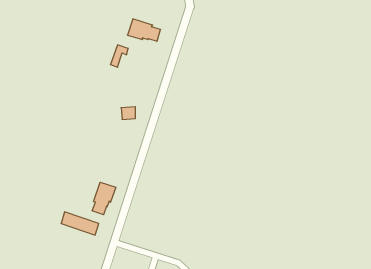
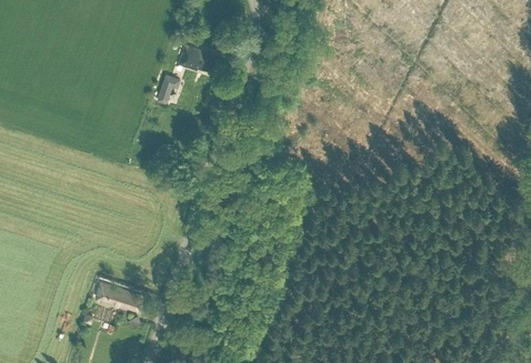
building: [92,182,116,215] -> none

